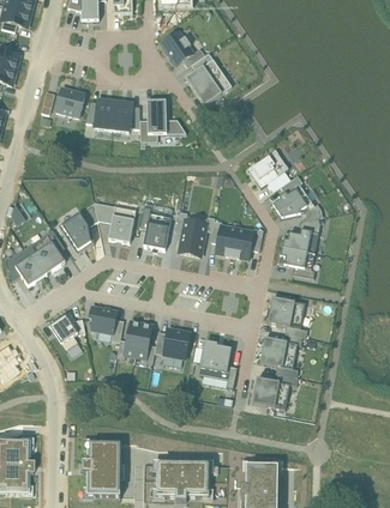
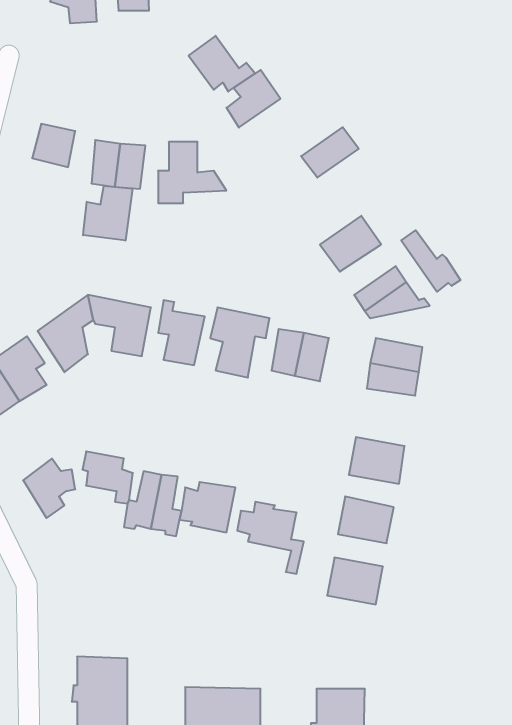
building: [193,71,232,104] -> [301,127,359,178]
building: none -> [83,186,132,241]
building: none -> [401,230,460,292]

